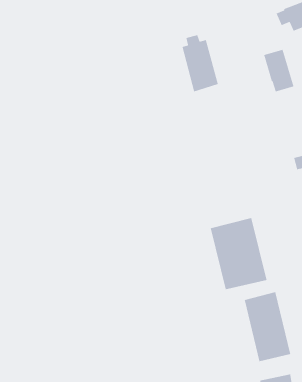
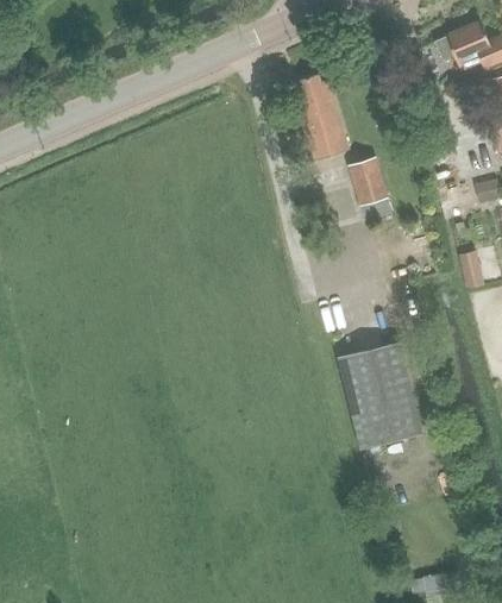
building: [263,49,295,93] -> [347,158,394,222]
building: [244,291,291,362] -> none

